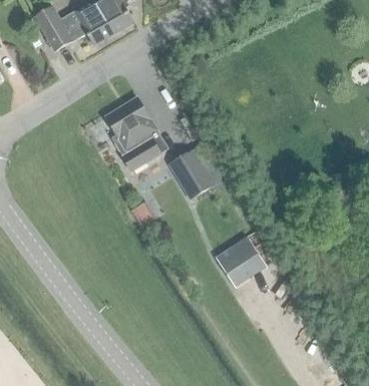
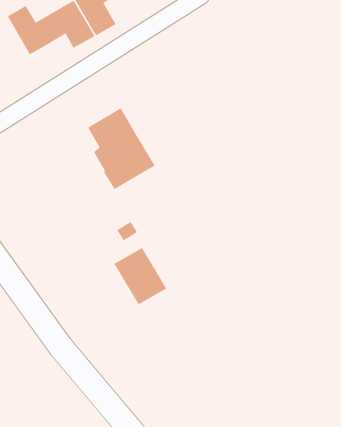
building: [167,147,216,200] -> [114,247,167,305]
building: [218,241,267,287] -> none

